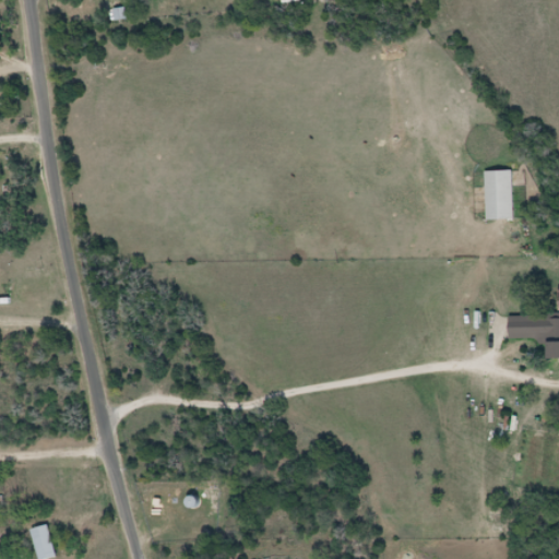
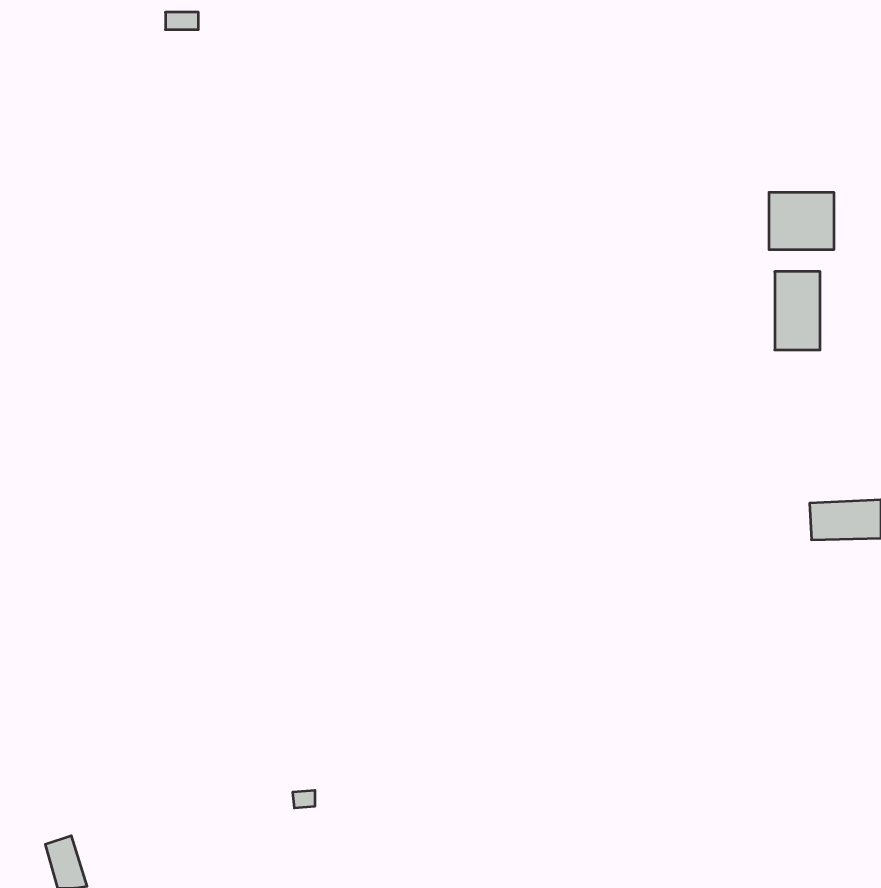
building: none -> [769,192,834,250]

